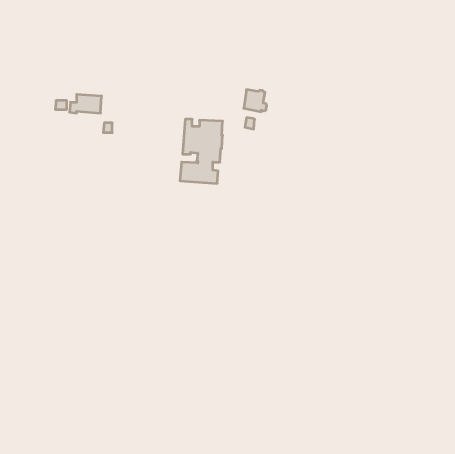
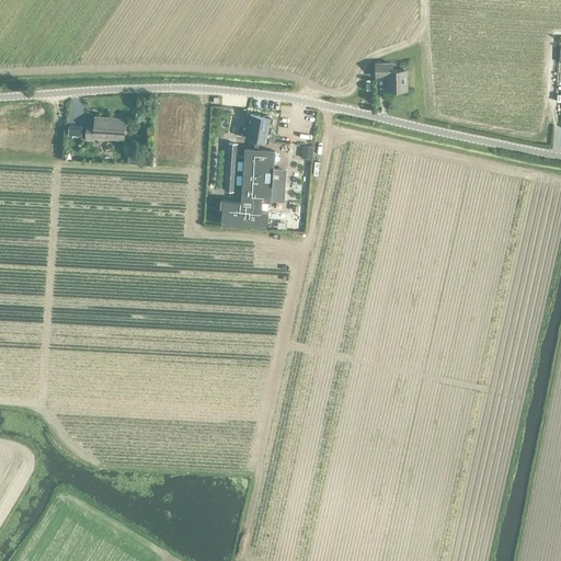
building: none -> [376,64,407,90]
building: [244,90,267,112] -> [247,115,275,142]

